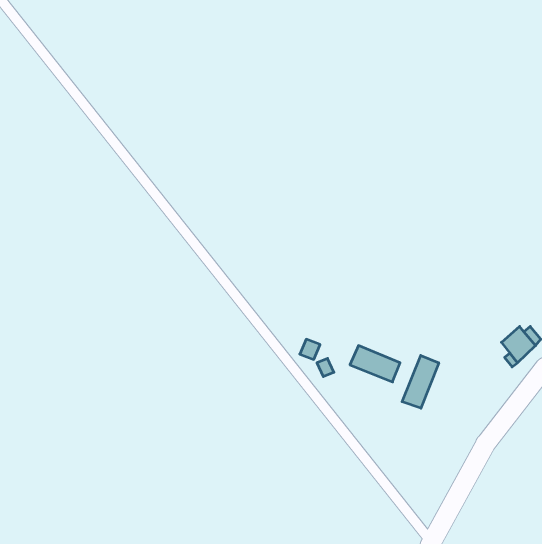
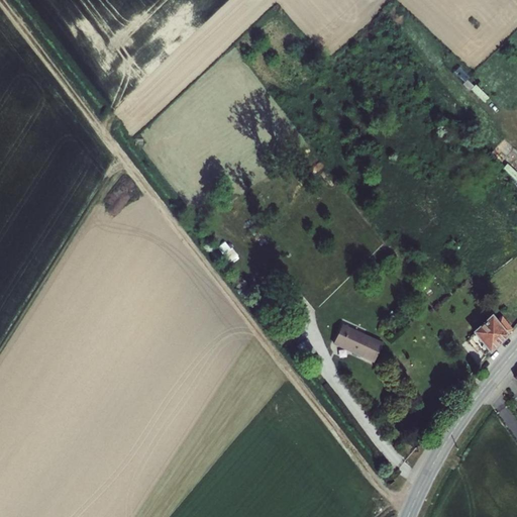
building: [402,355,439,408] -> none

